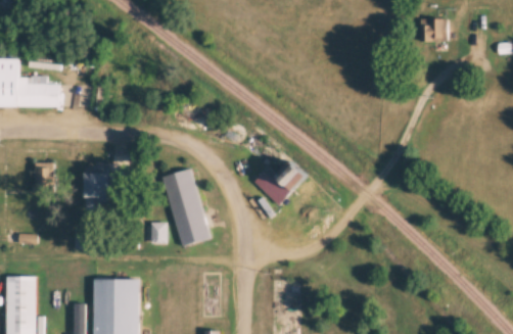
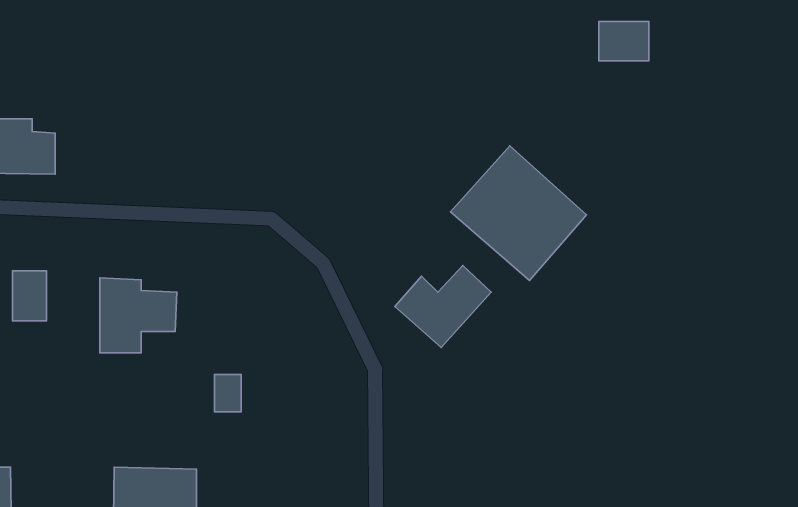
building: [420,18,449,41] -> [599,21,649,61]
building: none -> [451,146,586,280]
building: [165,170,208,247] -> none

